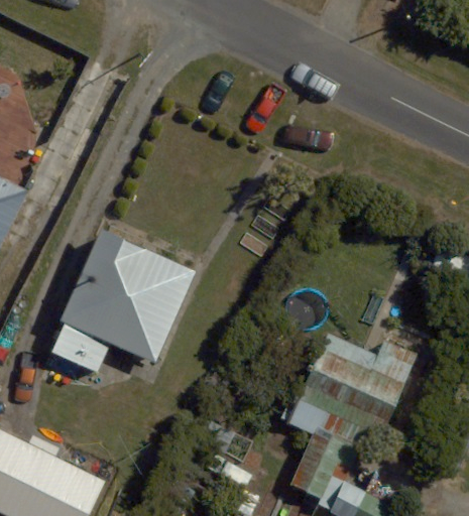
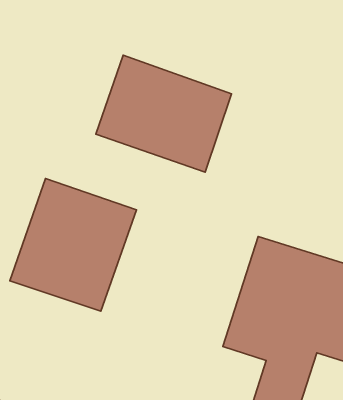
building: none -> [96,55,232,172]

